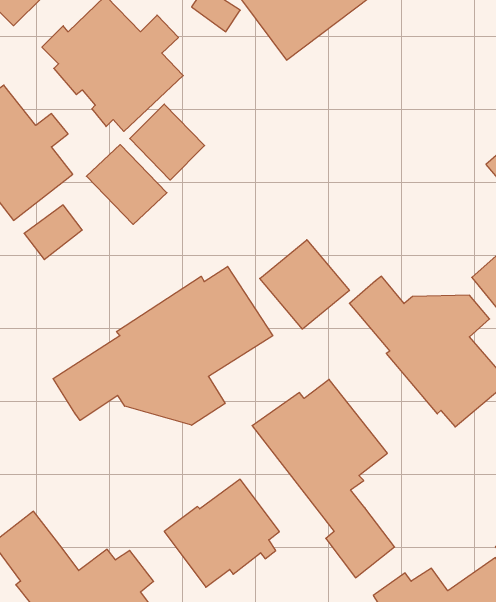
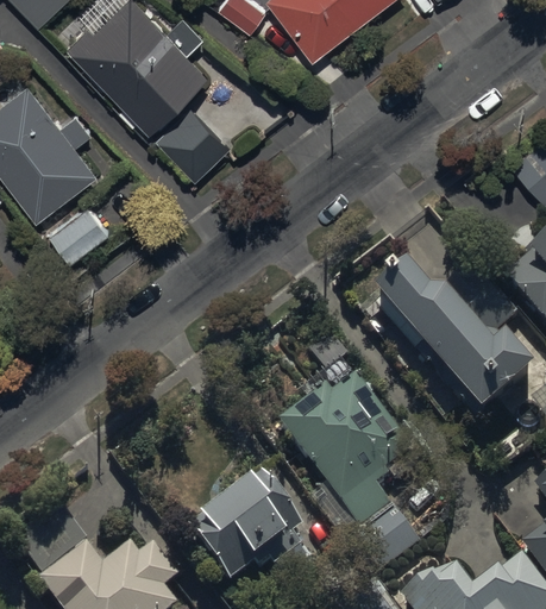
building: [86,145,167,224] -> none
building: [260,240,349,329] -> none
building: [53,266,273,425] -> none

